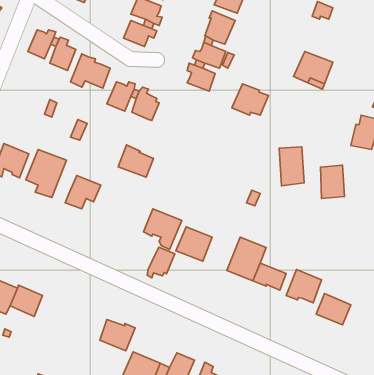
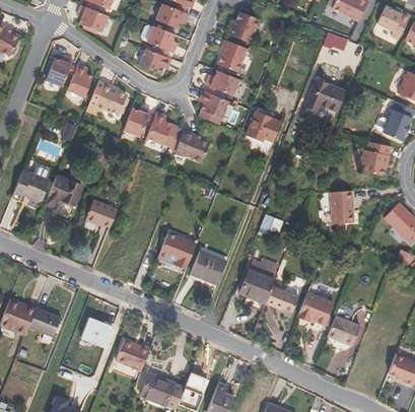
building: [118,145,154,177] -> [175,130,209,161]
building: [279,147,304,186] -> none
building: [147,247,175,278] -> none
building: none -> [80,315,115,347]

